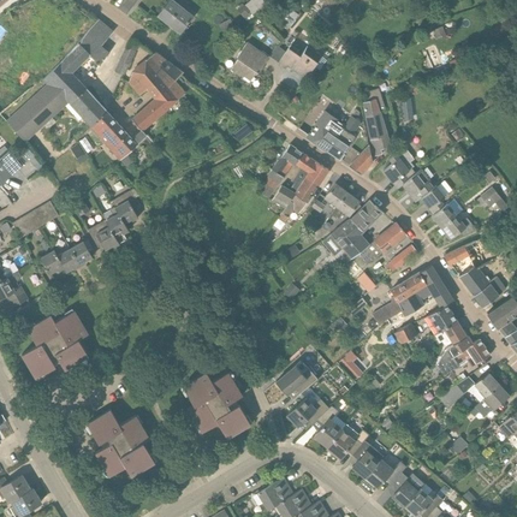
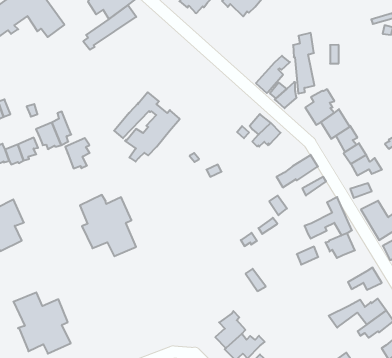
building: [89,111,147,167] -> none
building: [308,115,344,150] -> none
building: [257,144,328,222] -> [114,92,180,162]
building: [112,188,139,222] -> [65,138,90,168]
building: [329,200,382,258] -> none
building: [372,272,427,326] -> none
building: [434,322,473,373] -> none
building: [275,364,317,396] -> none
building: [183,372,250,438] -> [80,195,136,256]
building: [286,397,329,427] -> none

